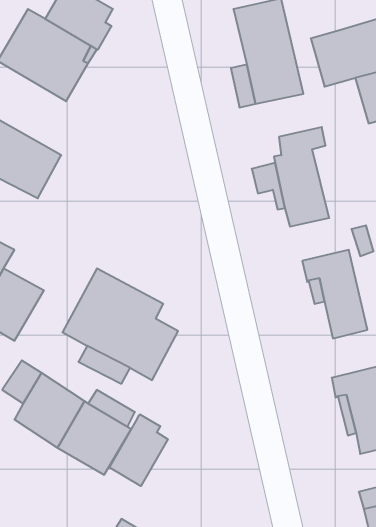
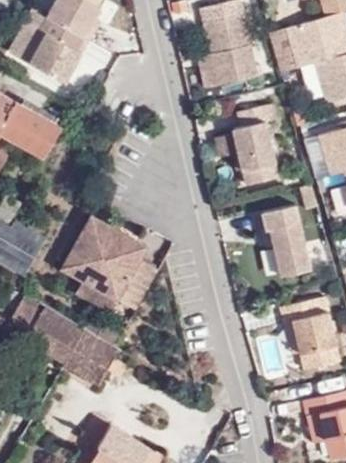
building: [110,414,168,486] -> none

